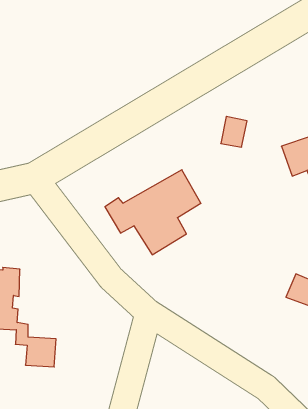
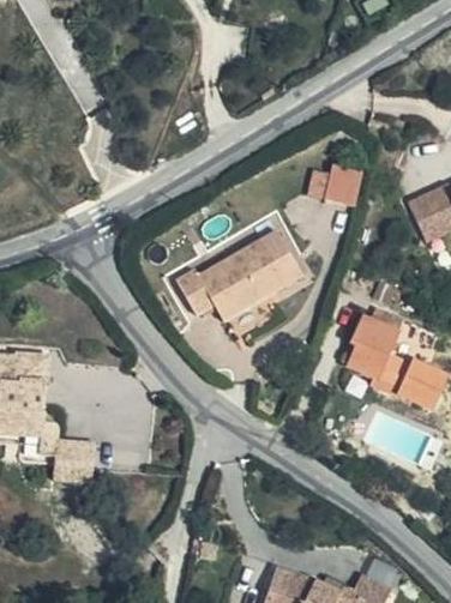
building: none -> [350,302,411,390]

